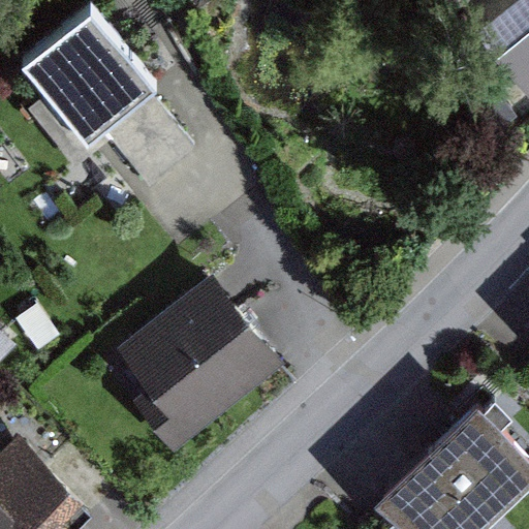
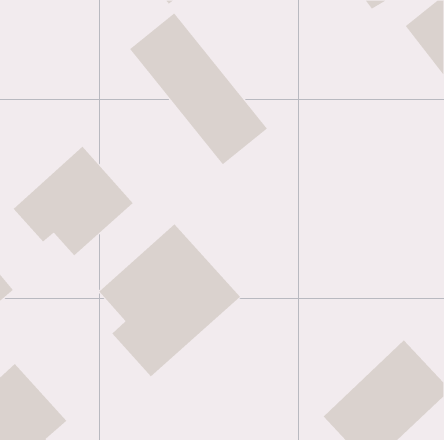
building: [30,11,194,192] -> [129,12,268,165]
building: none -> [13,146,133,256]

